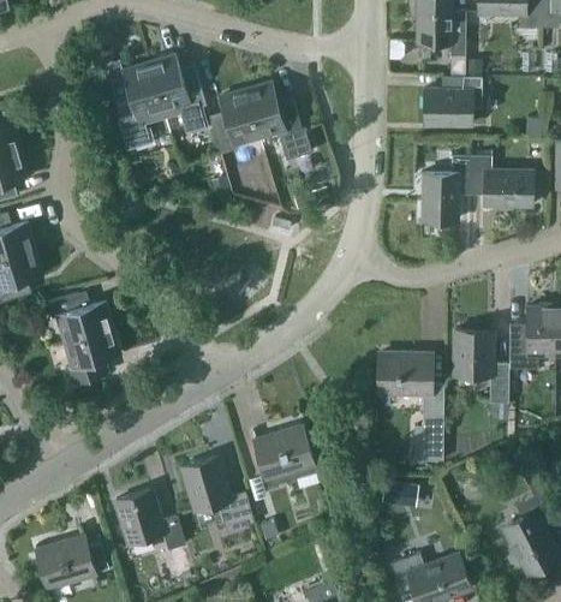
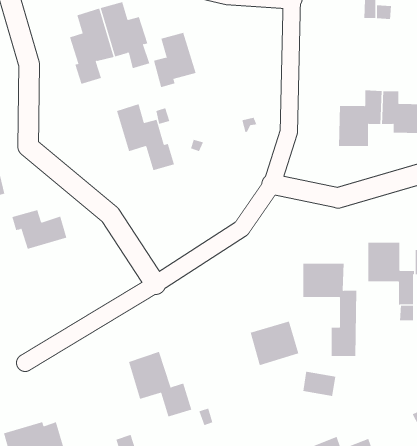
building: [423,77,481,126] -> none
building: [244,82,311,159] -> [116,103,175,171]
building: [65,326,119,383] -> none
building: [255,425,311,477] -> [250,321,299,366]
building: [114,488,184,549] -> none

